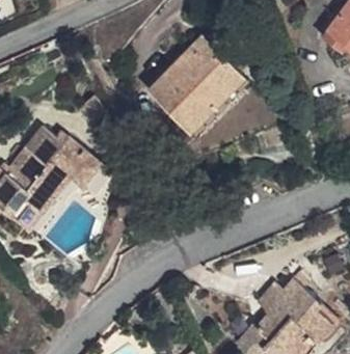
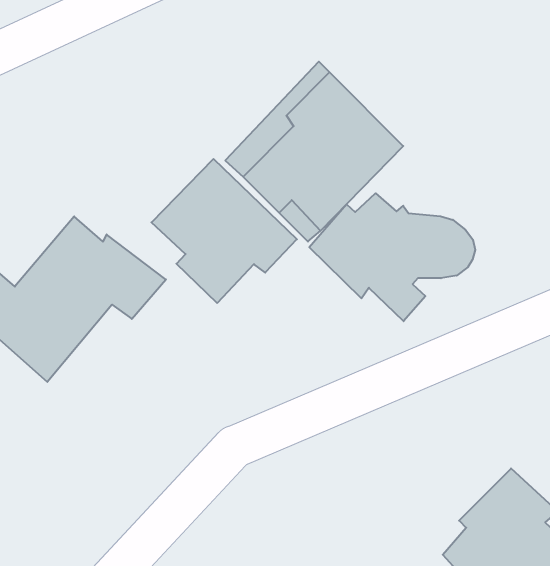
building: none -> [151,159,297,303]
building: none -> [309,193,475,321]

